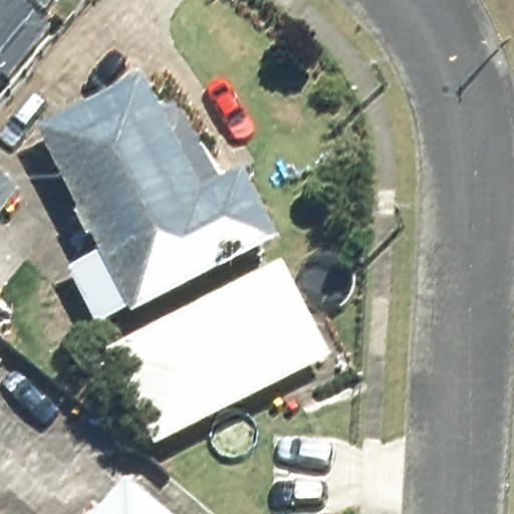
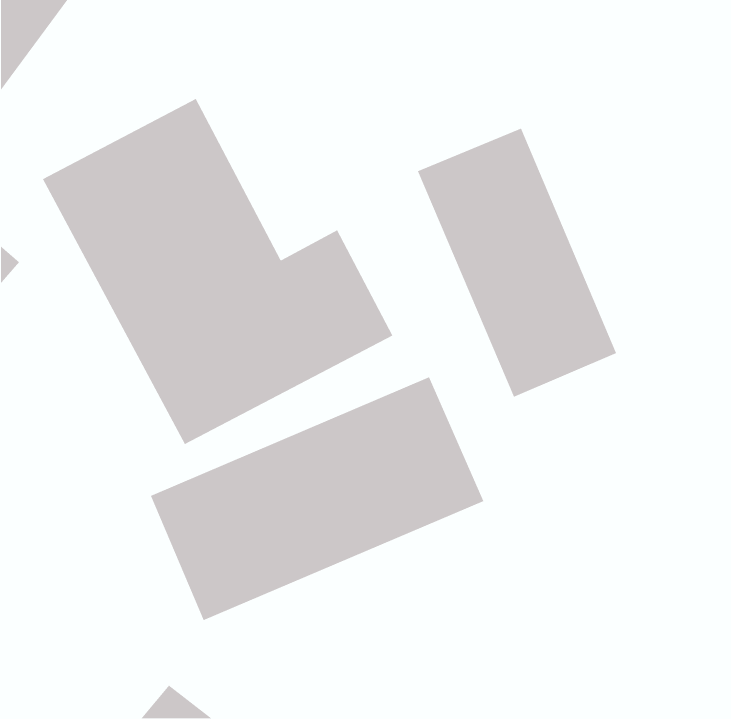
building: none -> [417,127,617,398]

